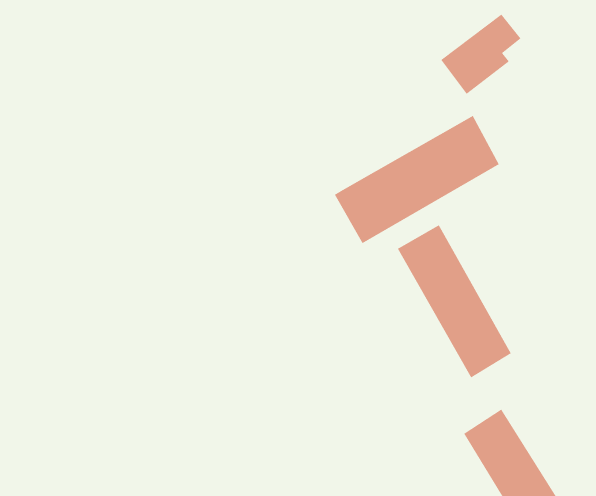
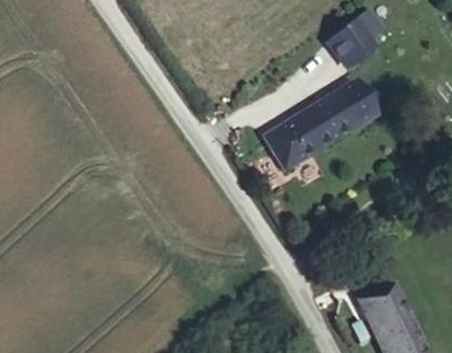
building: [397,224,512,379] -> none

